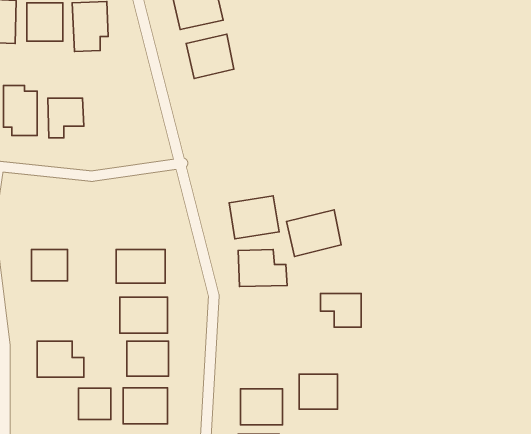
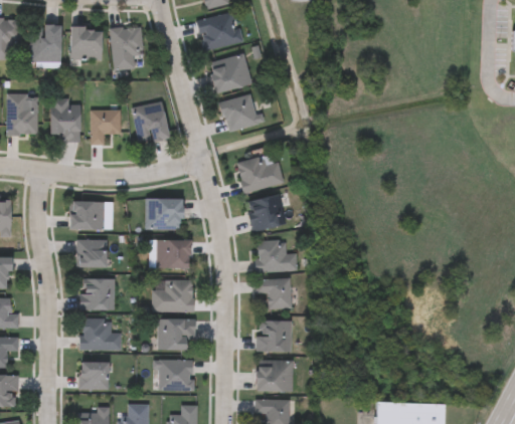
building: none -> [219,93,260,133]
building: none -> [132,101,170,144]
building: none -> [145,198,183,229]
building: none -> [70,202,111,230]
building: [286,210,341,256] -> [235,153,283,193]
building: [320,294,361,327] -> [255,279,291,308]
building: none -> [80,279,114,310]
building: [299,374,337,409] -> [256,322,290,352]
building: [78,388,111,420] -> [79,363,108,390]

